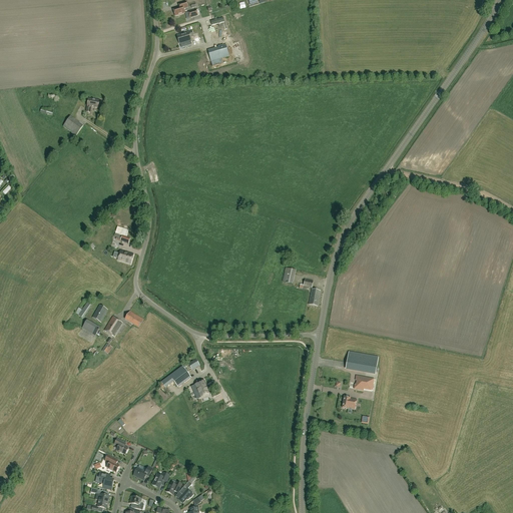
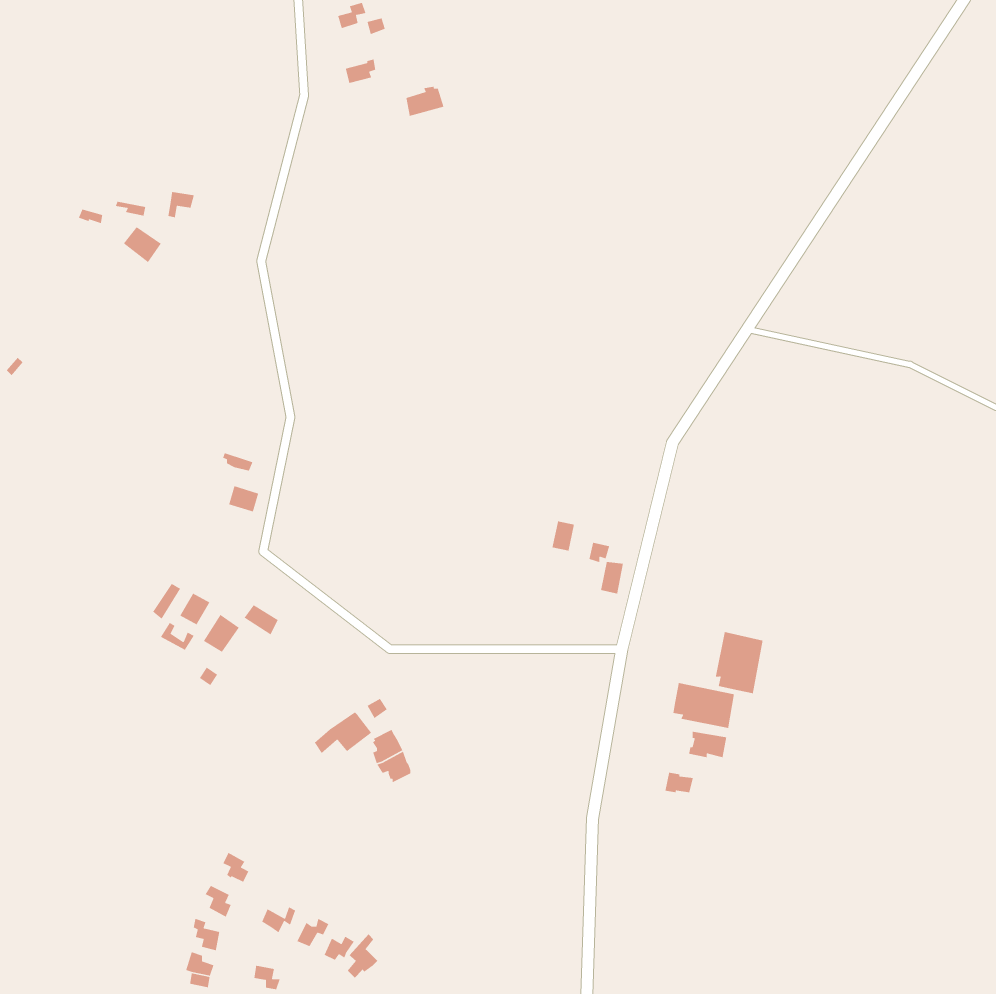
building: none -> [715,631,764,694]

